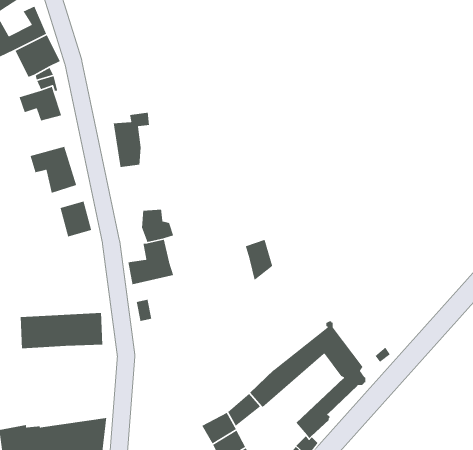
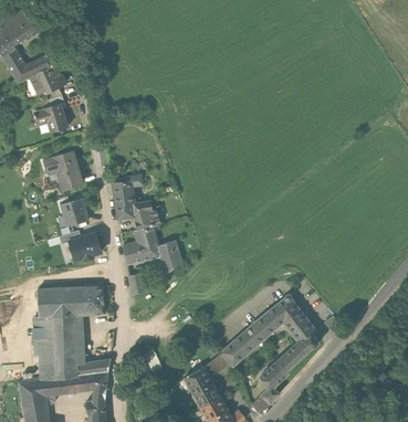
building: [113,112,150,168] -> [112,176,142,221]
building: [245,239,273,281] -> [157,241,180,275]
building: none -> [67,233,103,261]
building: none -> [31,315,109,380]

